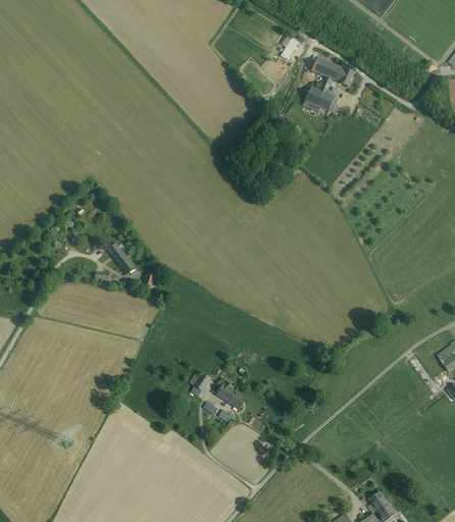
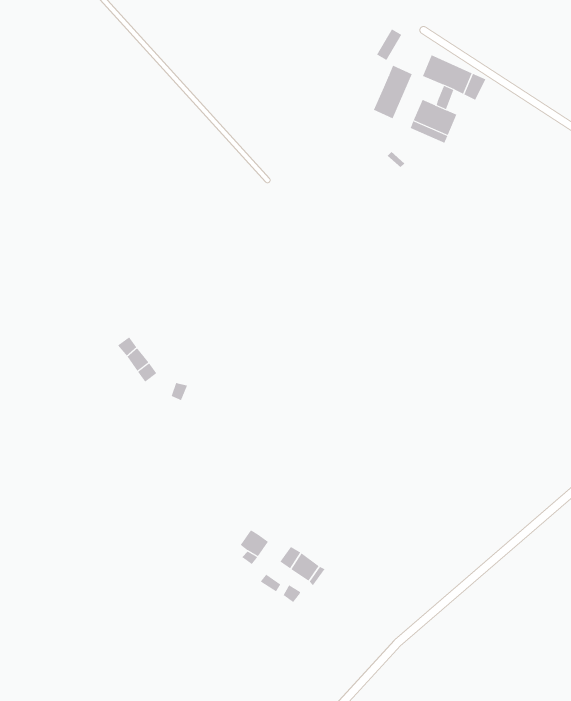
building: none -> [373,65,413,119]

